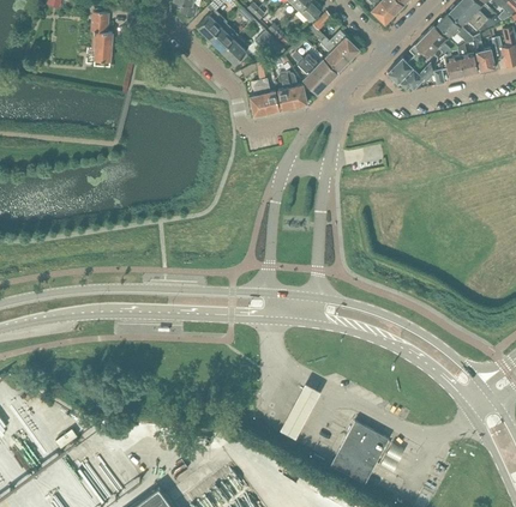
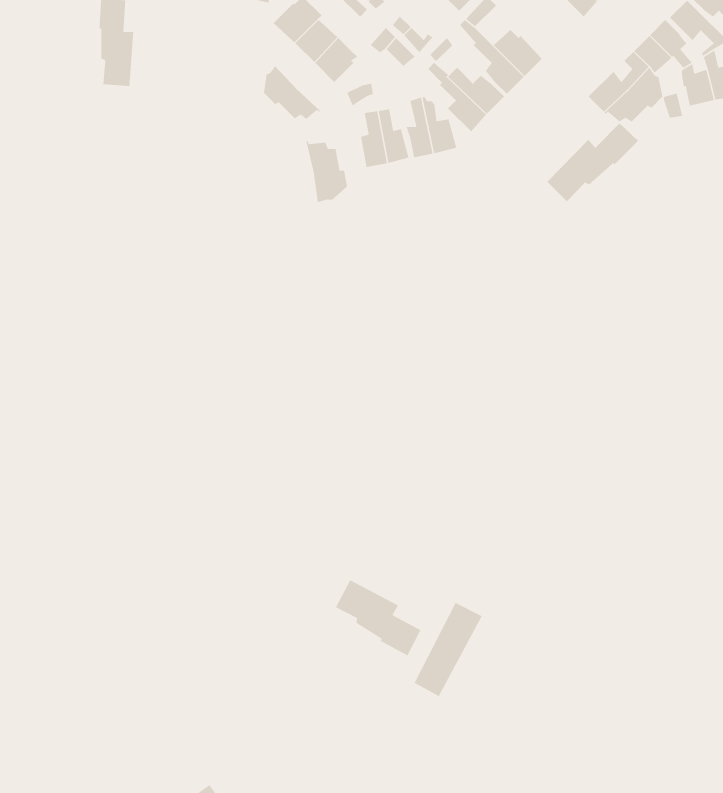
building: none -> [263,65,321,120]
building: none -> [546,122,639,202]
building: none -> [306,141,348,203]
building: none -> [335,579,422,656]
building: [331,421,389,483] -> none

